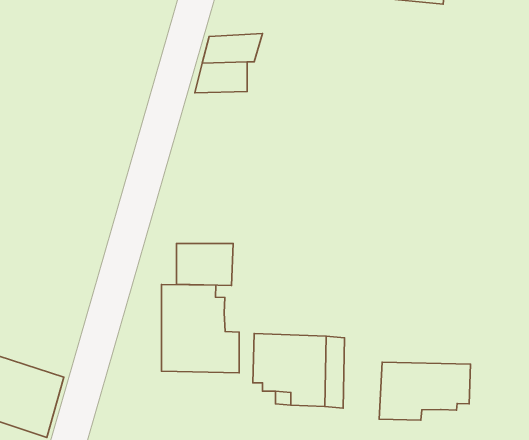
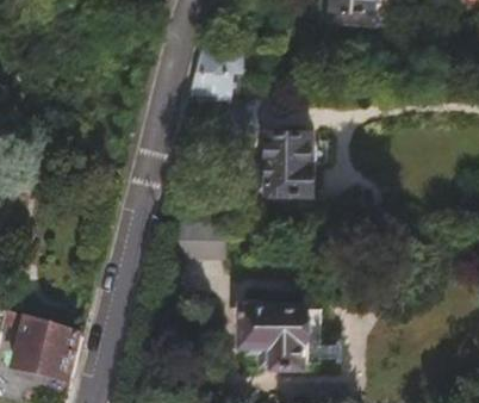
building: none -> [256,126,312,187]
building: [162,285,239,373] -> none
building: [379,362,471,420] -> none

